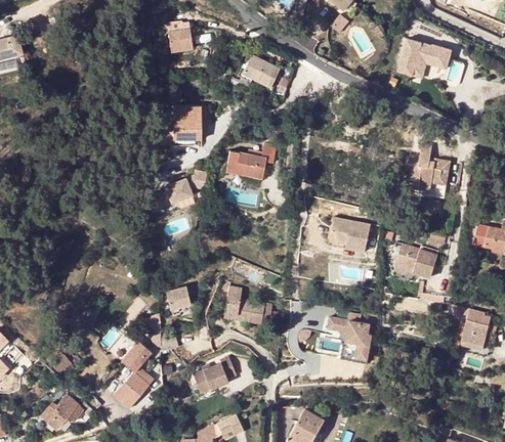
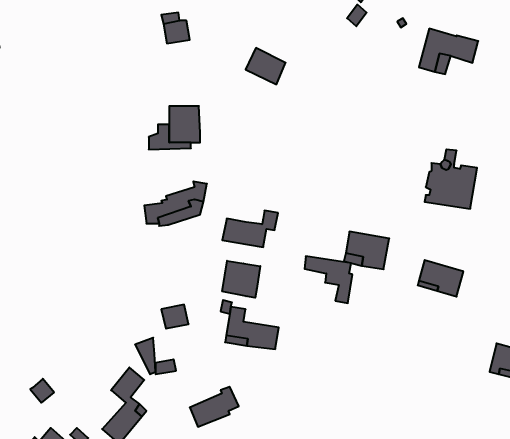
building: [225,145,276,178] -> [222,211,278,247]
building: none -> [222,261,260,298]
building: [328,318,371,360] -> [305,256,352,303]

